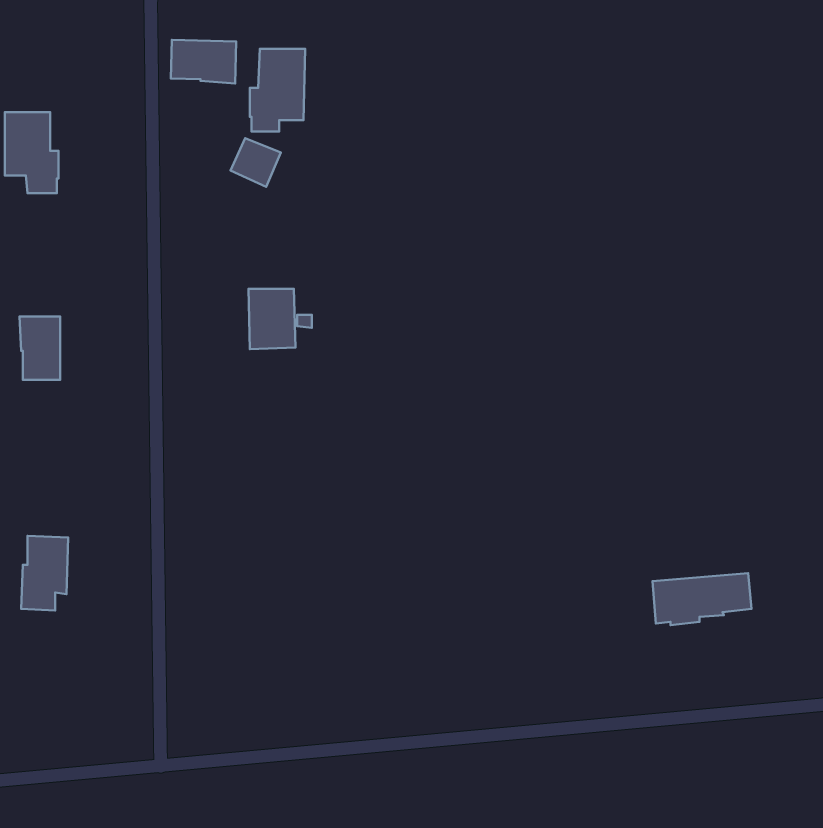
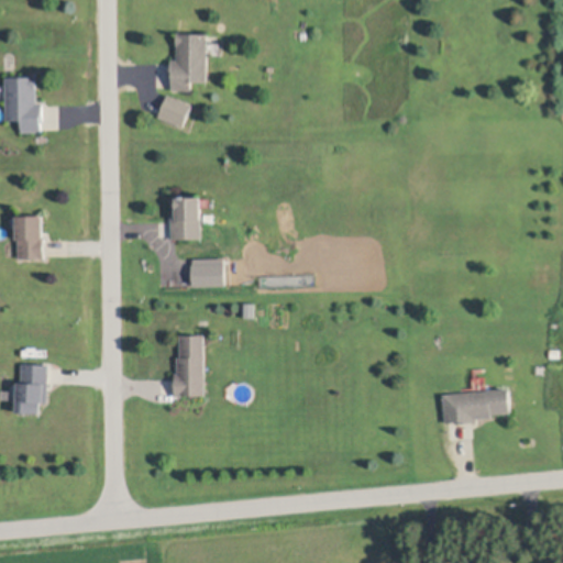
building: [171,40,236,83] -> none
building: none -> [191,260,224,289]
building: none -> [173,335,203,397]

